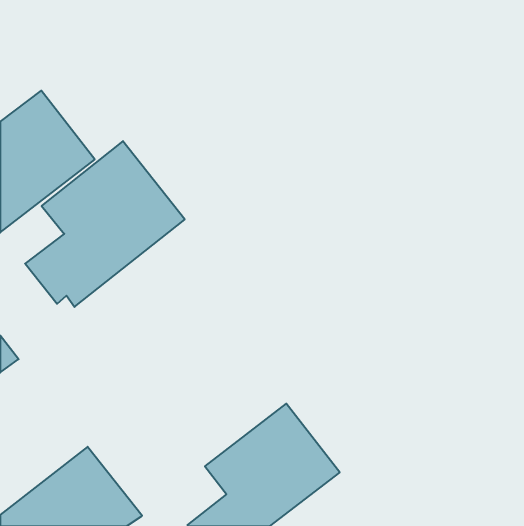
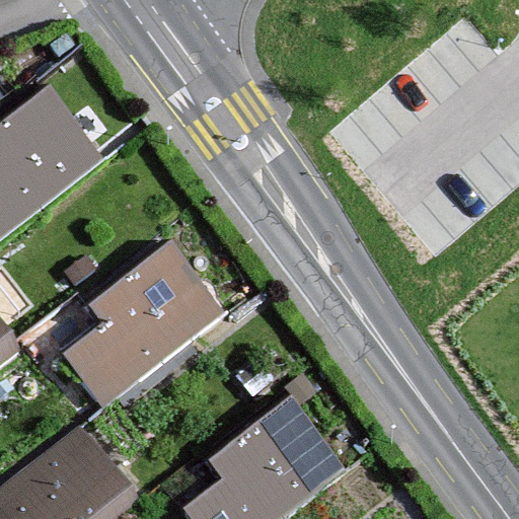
building: [25,141,185,307] -> [68,241,225,404]

